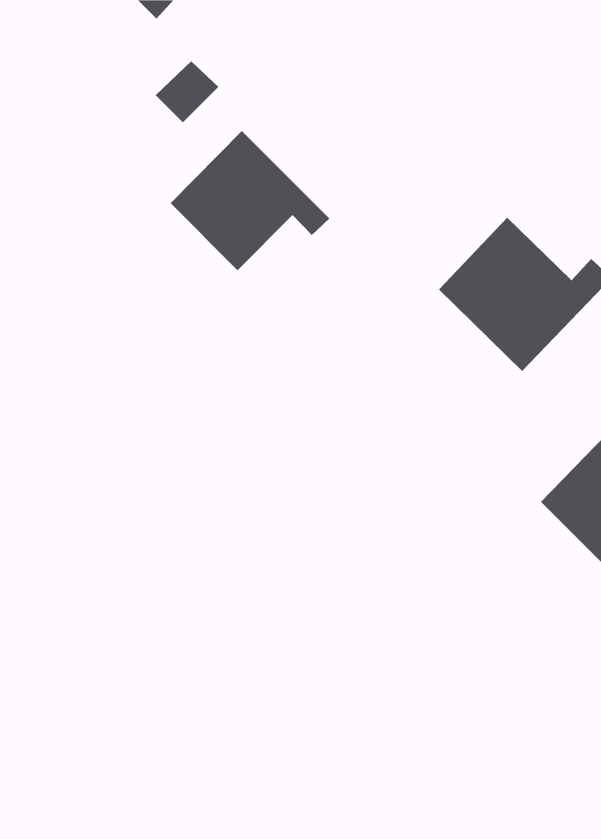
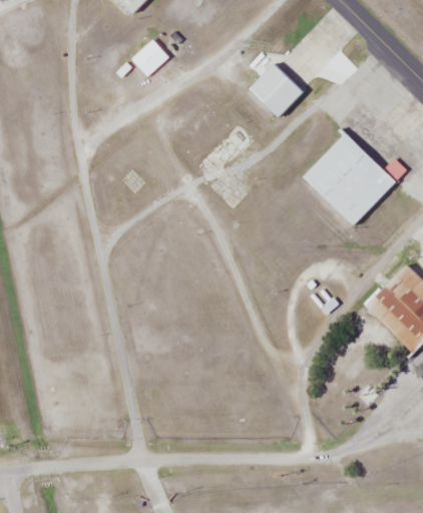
building: none -> [249,64,300,116]
building: [170,130,330,271] -> none

